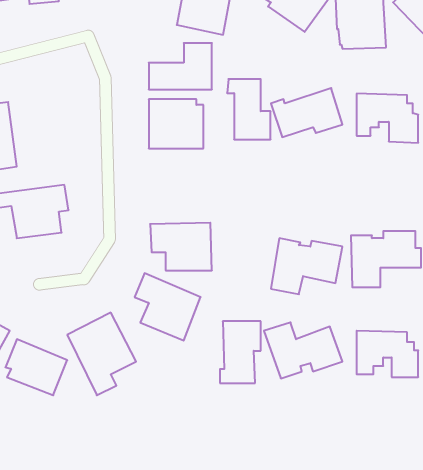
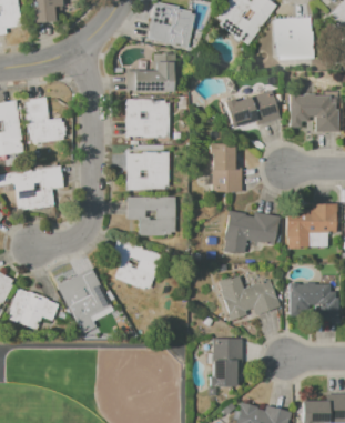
building: [227,79,271,139] -> [205,144,240,192]
building: none -> [21,100,63,144]
building: none -> [126,153,166,189]
building: [220,321,261,383] -> [207,338,240,386]

